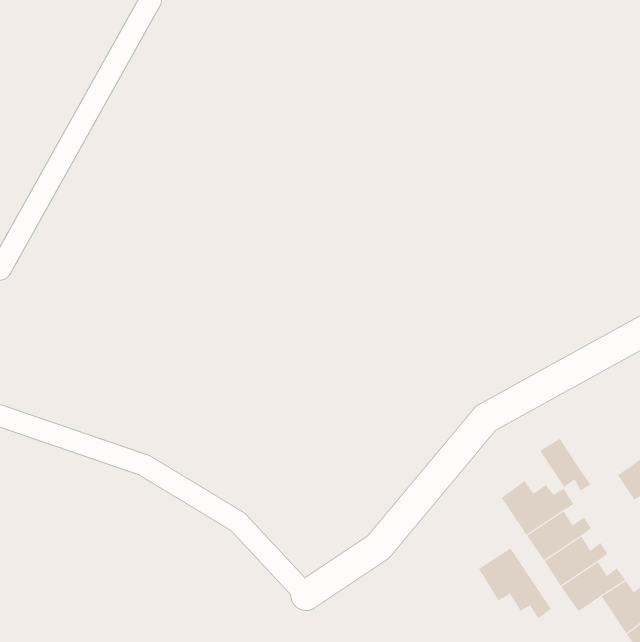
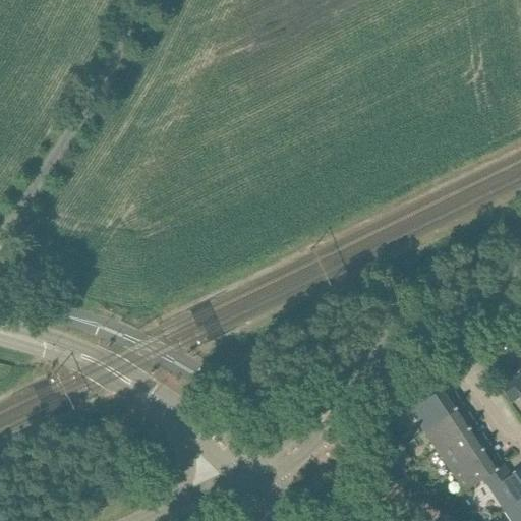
building: [539,438,591,491] -> none
building: [478,547,552,619] -> none

